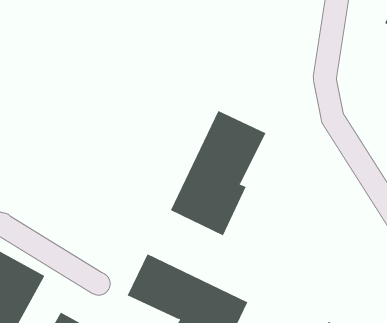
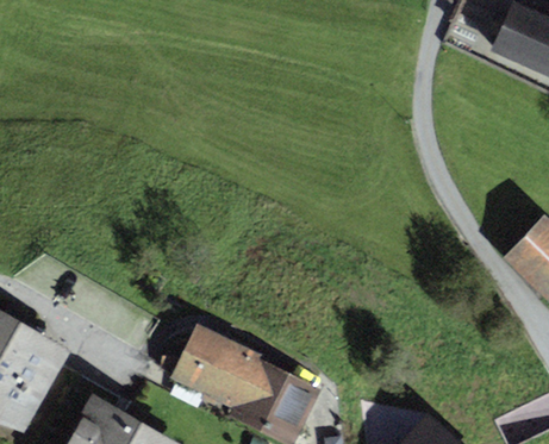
building: [170,110,266,236] -> none

